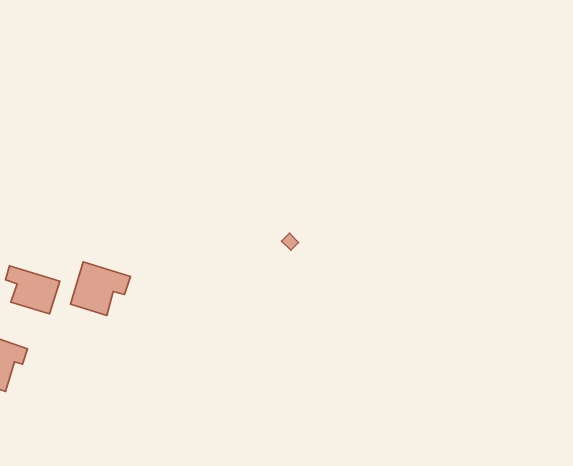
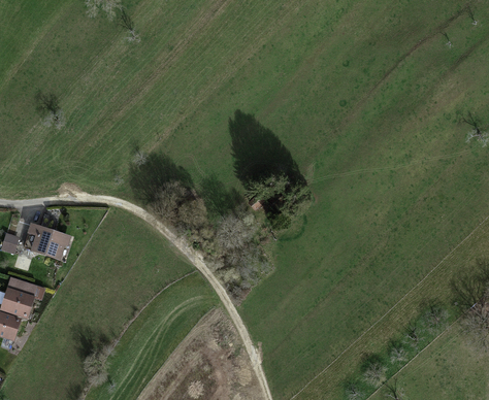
building: [71,262,130,316] -> none

